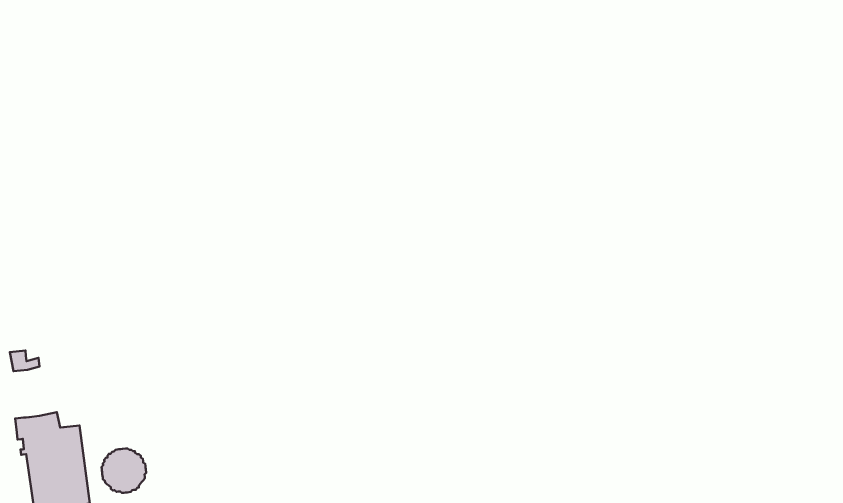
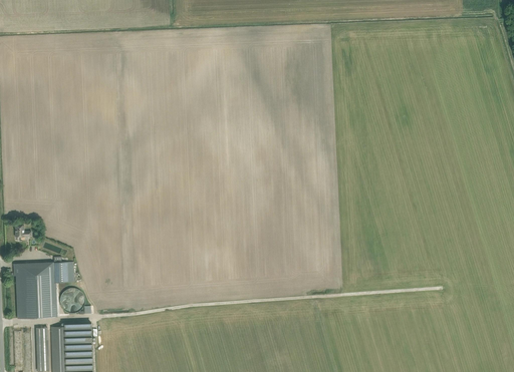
building: none -> [54,257,74,284]

